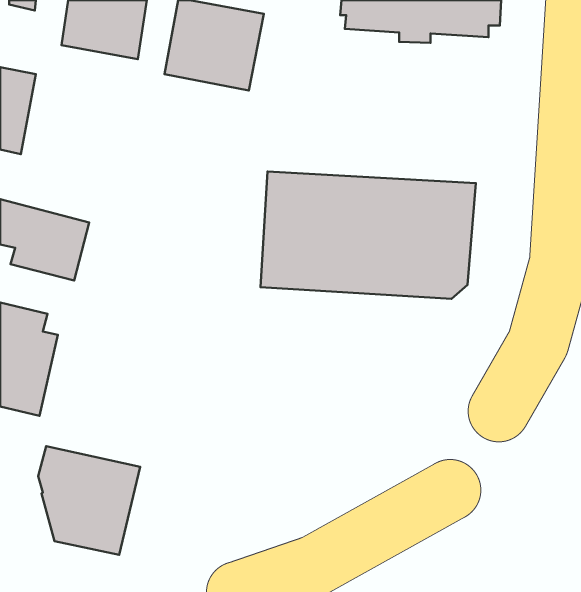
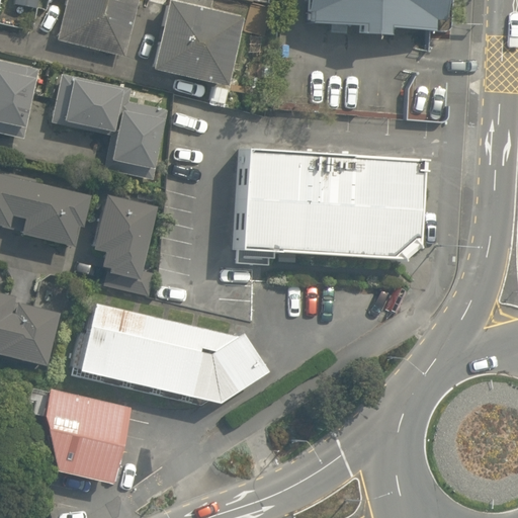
building: none -> [60,69,163,173]
building: none -> [91,188,153,278]
building: none -> [77,305,269,405]

